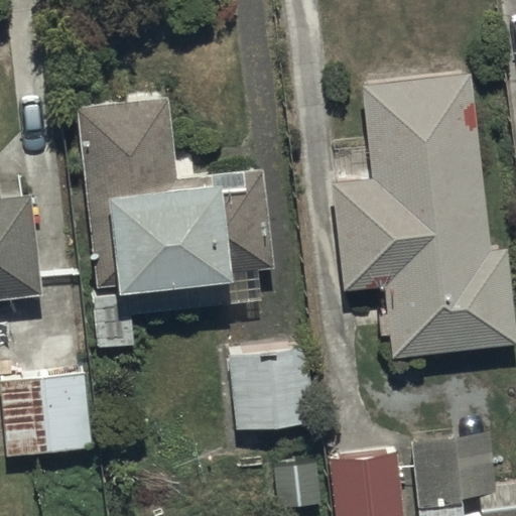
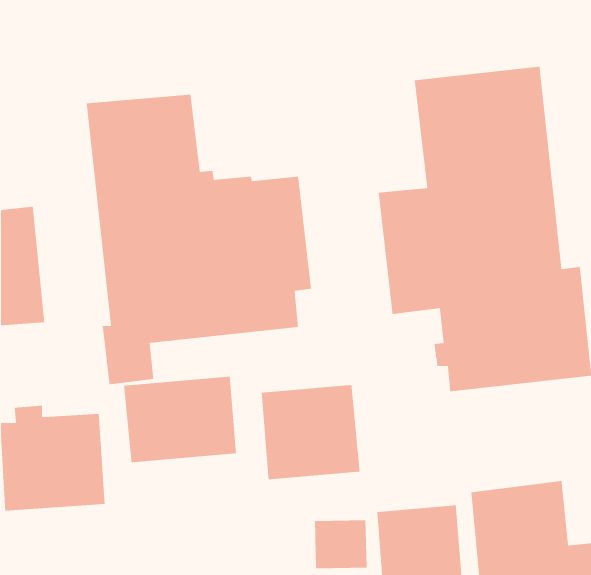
building: none -> [123,376,237,463]

